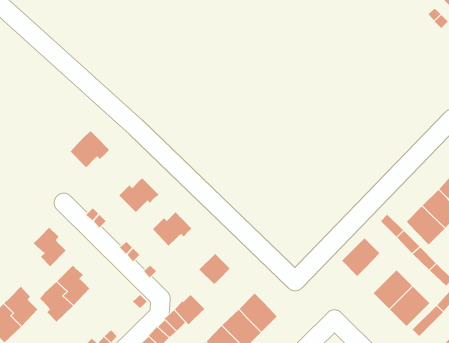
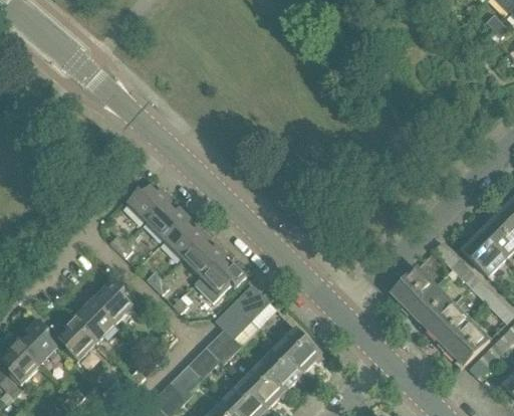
building: [70,131,110,168] -> [127,180,172,221]
building: none -> [165,220,209,258]
building: [33,227,67,267] -> [95,279,133,324]
building: none -> [195,257,246,301]
building: none -> [409,284,452,329]
building: none -> [216,302,251,338]

